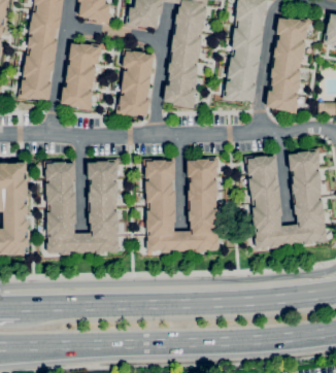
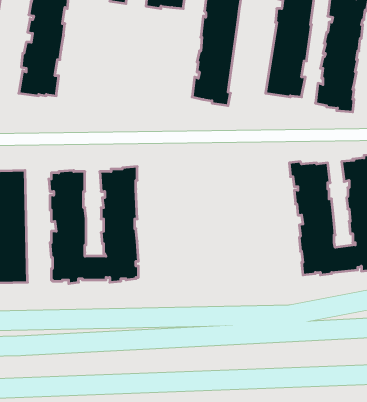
building: [61,43,102,110] -> none
building: [116,48,155,117] -> none
building: [144,158,219,252] -> none

